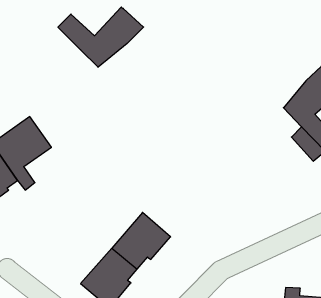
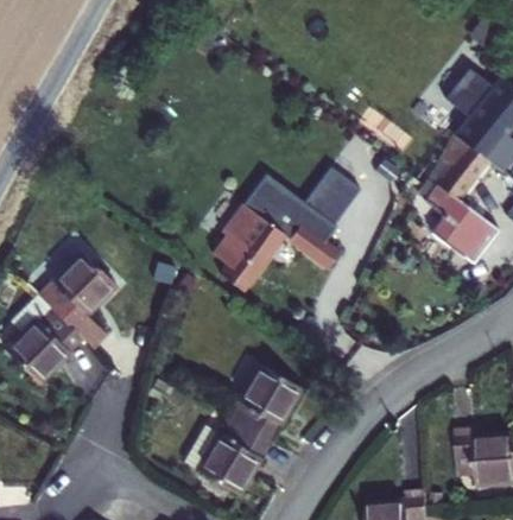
building: [58,7,144,67] -> none
building: none -> [216,173,365,291]

